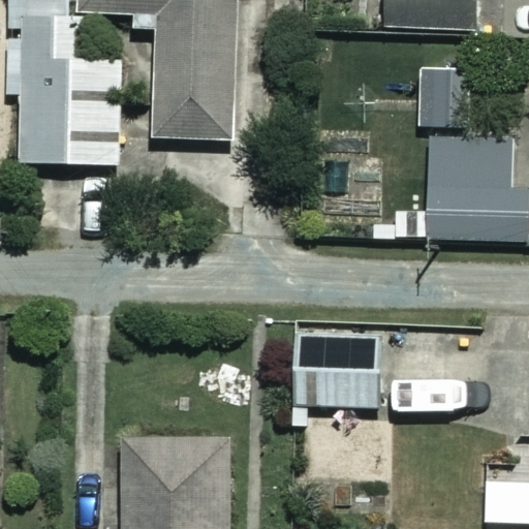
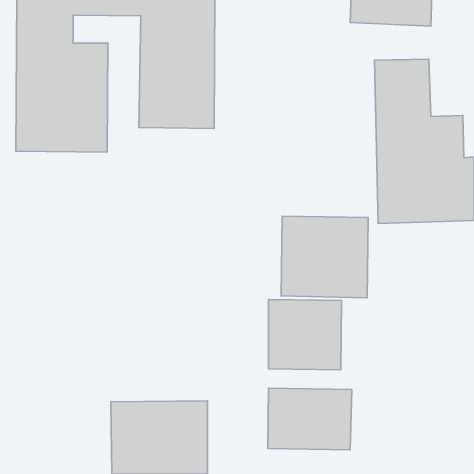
building: none -> [281,216,368,298]
building: none -> [268,388,352,450]

